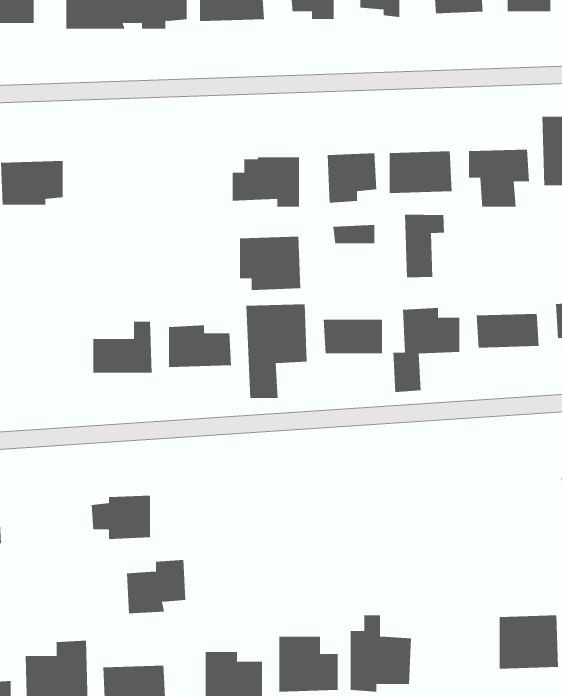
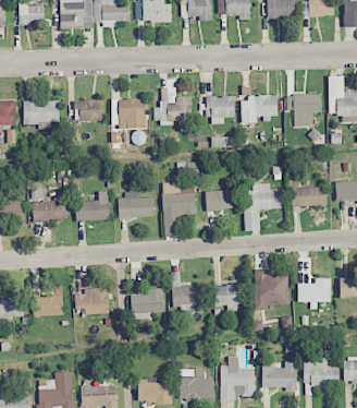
building: none -> [74,100,102,120]
building: [405,214,444,278] -> none
building: [239,236,301,290] -> [111,98,146,129]
building: none -> [32,200,65,220]
building: none -> [254,268,287,310]
building: none -> [171,277,207,312]
building: none -> [297,277,331,302]
building: none -> [213,285,244,311]
building: none -> [32,296,63,316]
building: [126,560,186,614] -> [131,288,164,319]
building: none -> [261,361,297,388]

